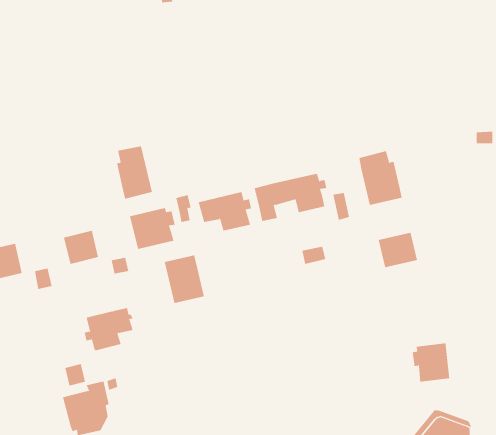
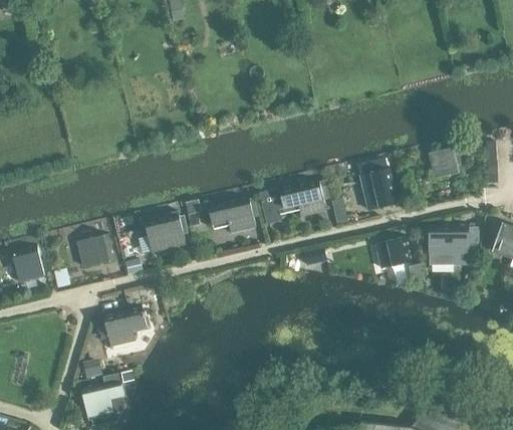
building: none -> [432,147,464,178]
building: [116,146,153,199] -> none
building: none -> [429,225,478,267]
building: [164,255,205,304] -> none
building: [412,343,450,383] -> none

